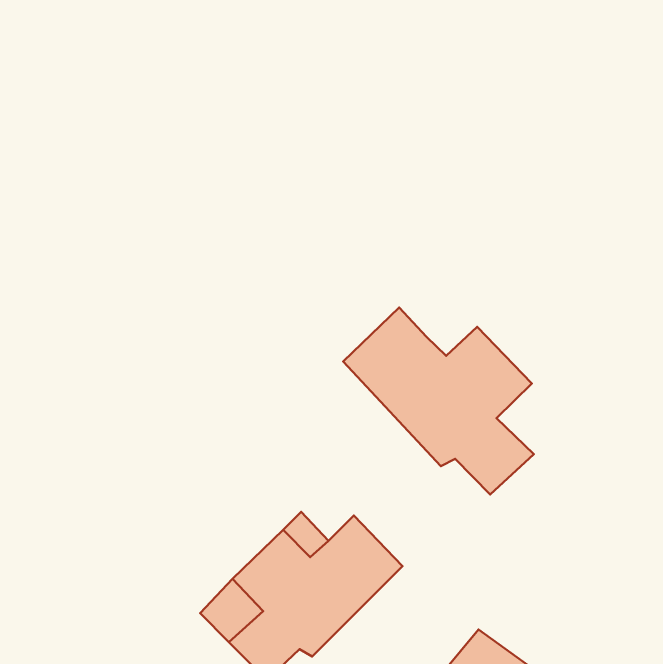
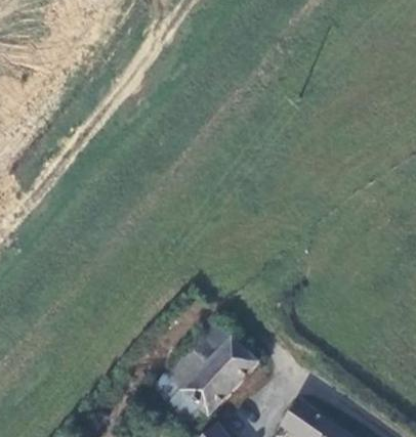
building: [343,307,534,495] -> none

